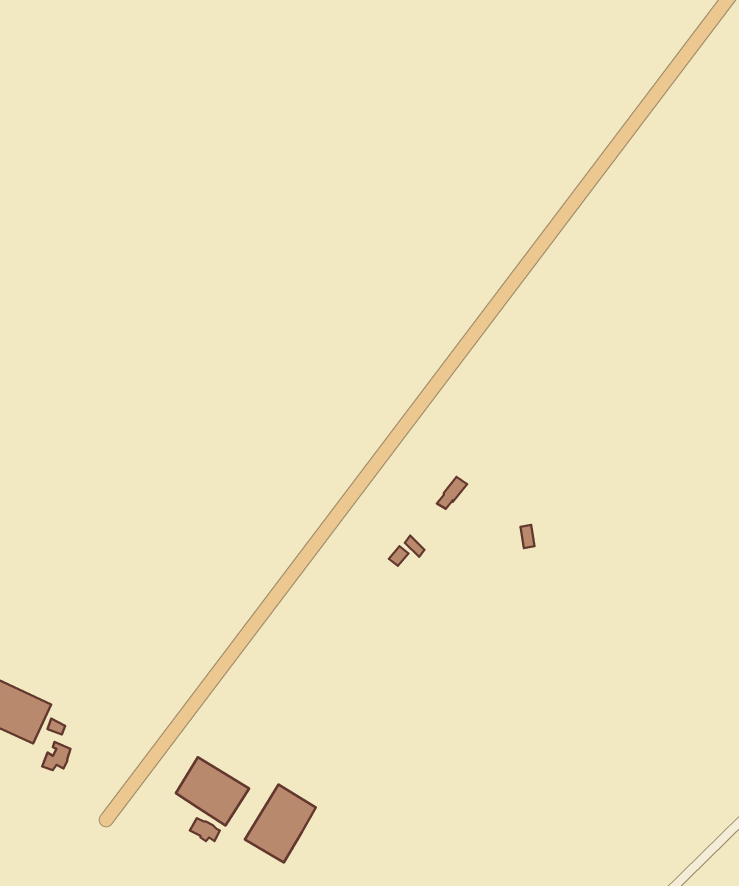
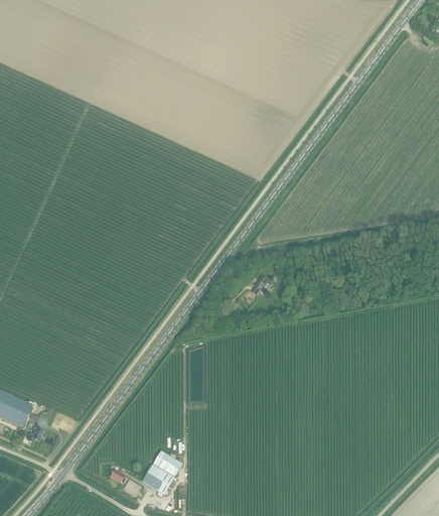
building: [176,757,249,826] -> none

